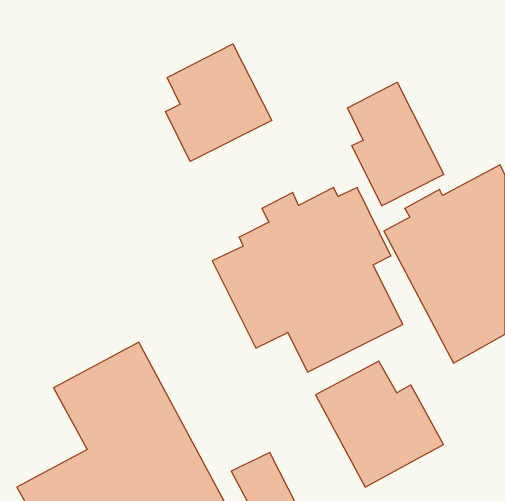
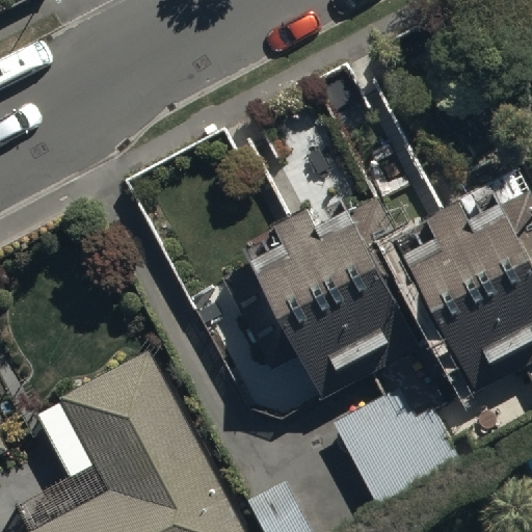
building: [165,44,272,161] -> none
building: [347,82,444,206] -> none

